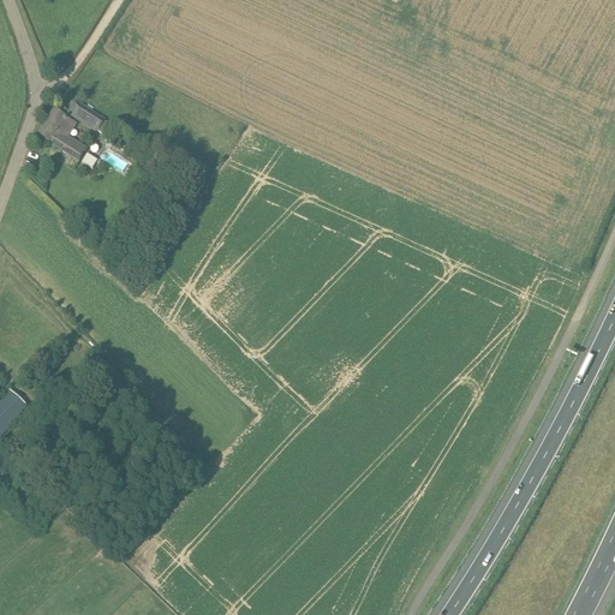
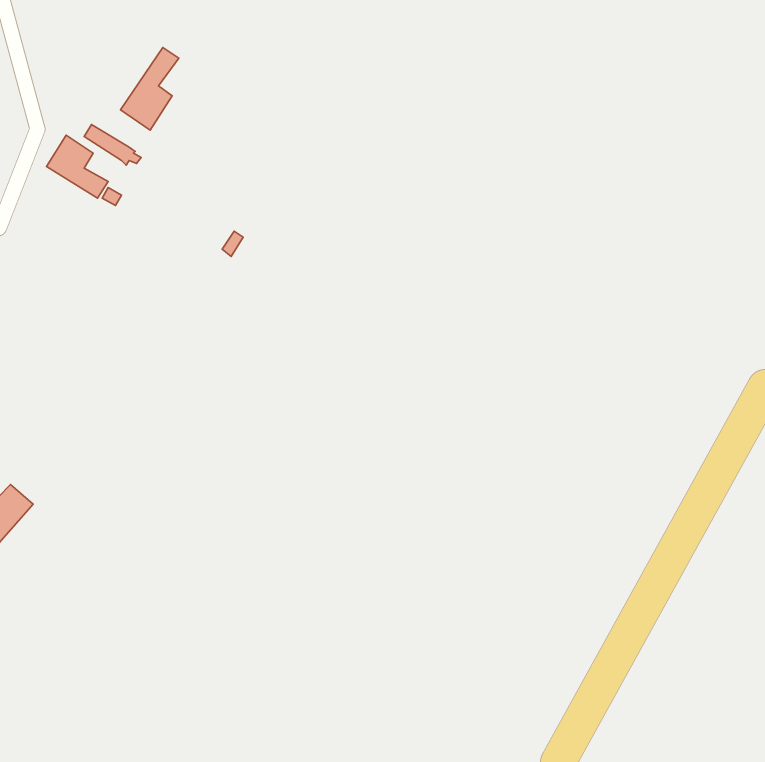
building: none -> [121,48,179,130]

